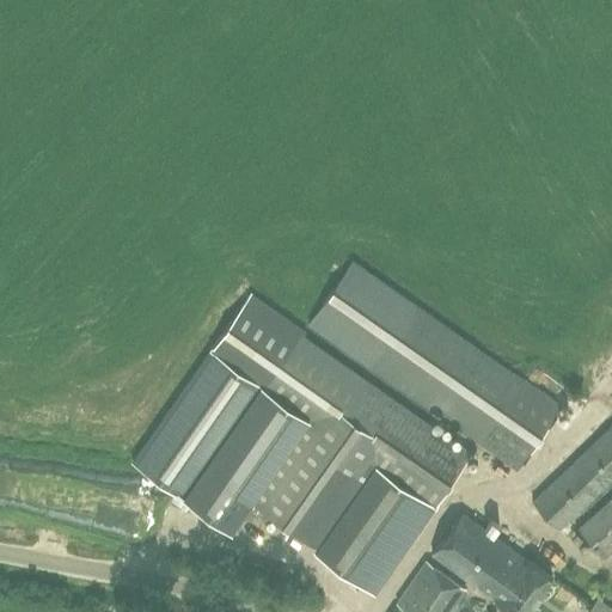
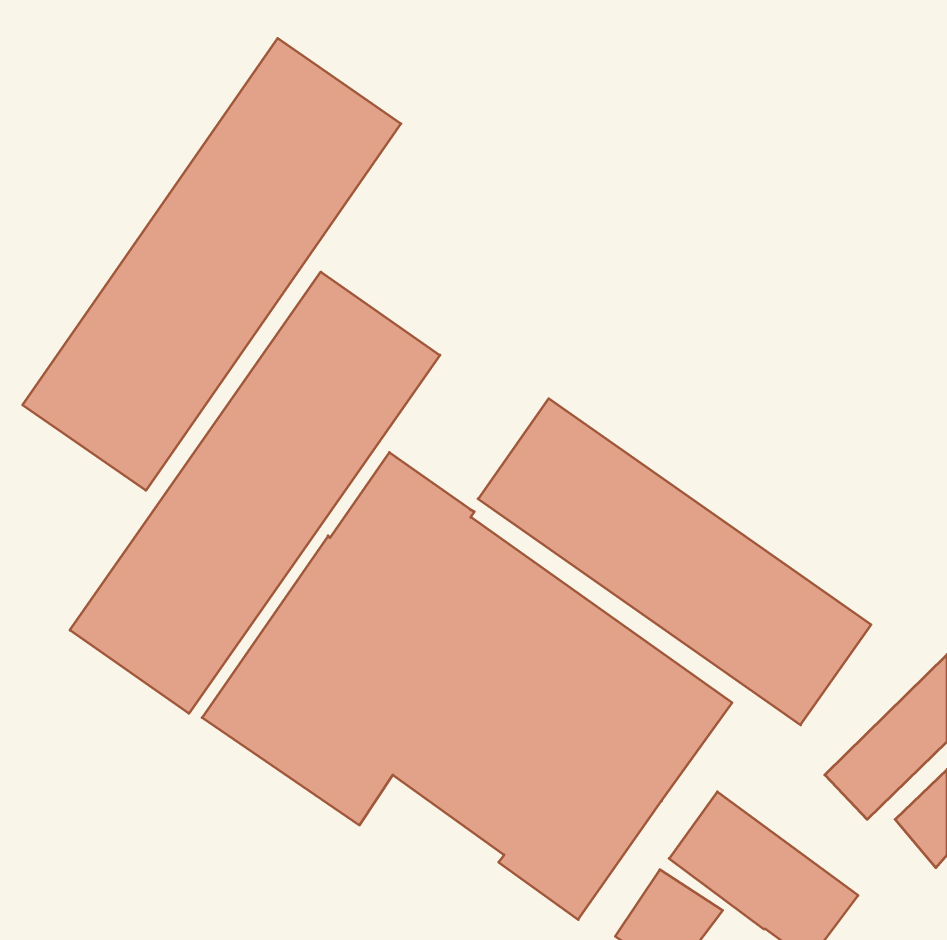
building: none -> [23,38,401,490]
building: none -> [70,272,440,713]

